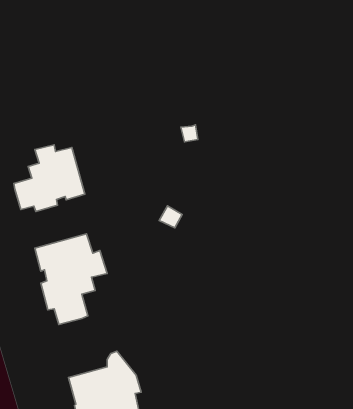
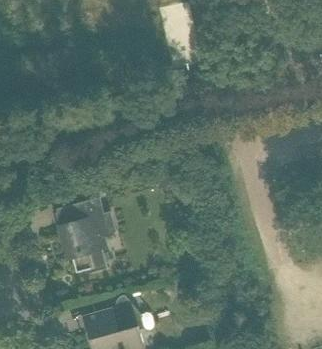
building: [14,145,85,211] -> none

